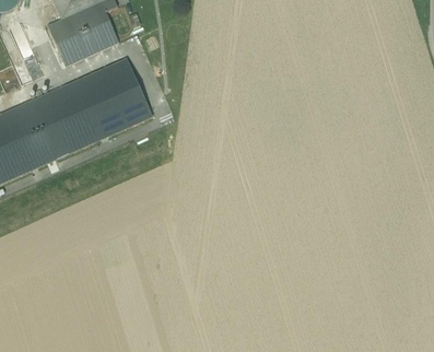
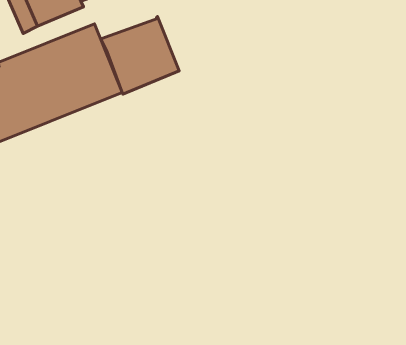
building: none -> [101,16,179,94]

